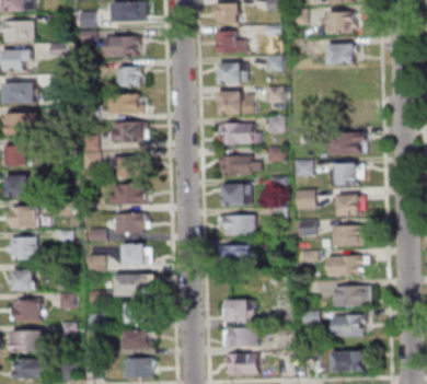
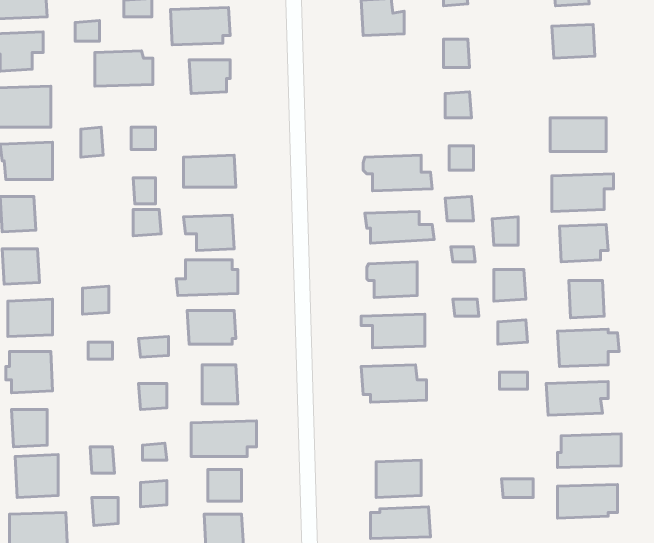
building: [220,63,247,82] -> none
building: [109,93,143,114] -> [95,51,153,86]
building: [220,93,253,115] -> none

